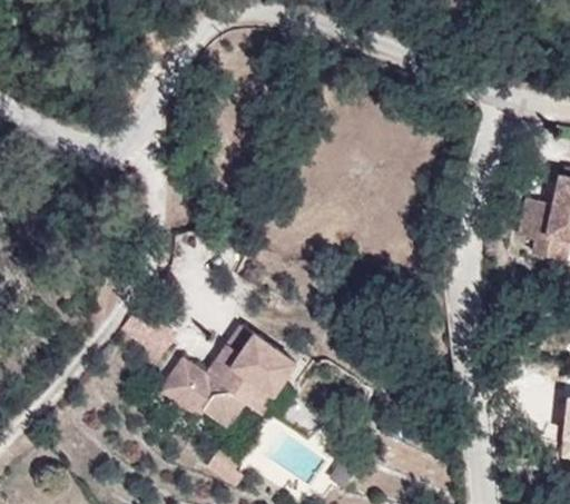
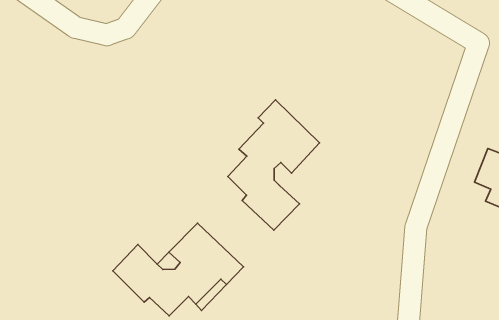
building: none -> [228,100,320,230]

